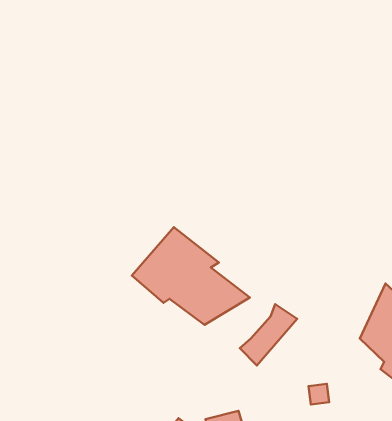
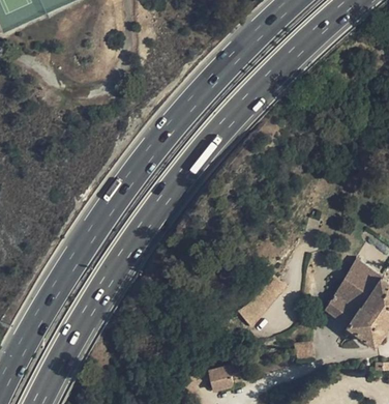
building: [132,227,250,325] -> none

